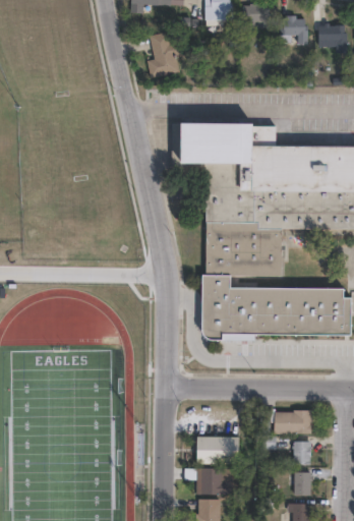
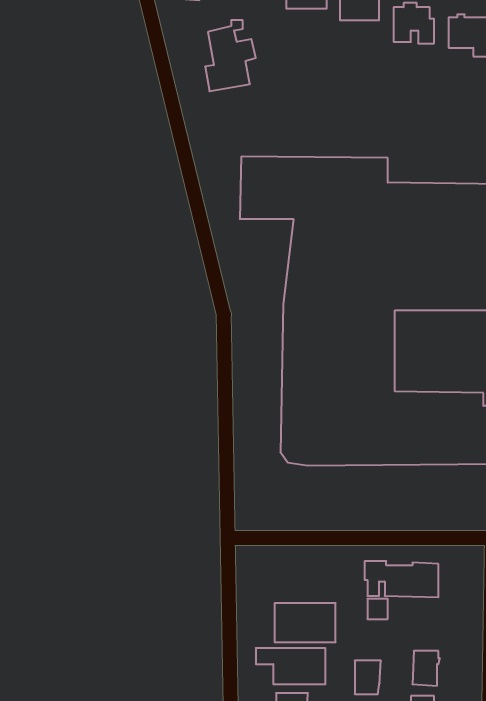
building: [293,440,311,463] -> [355,661,381,694]

